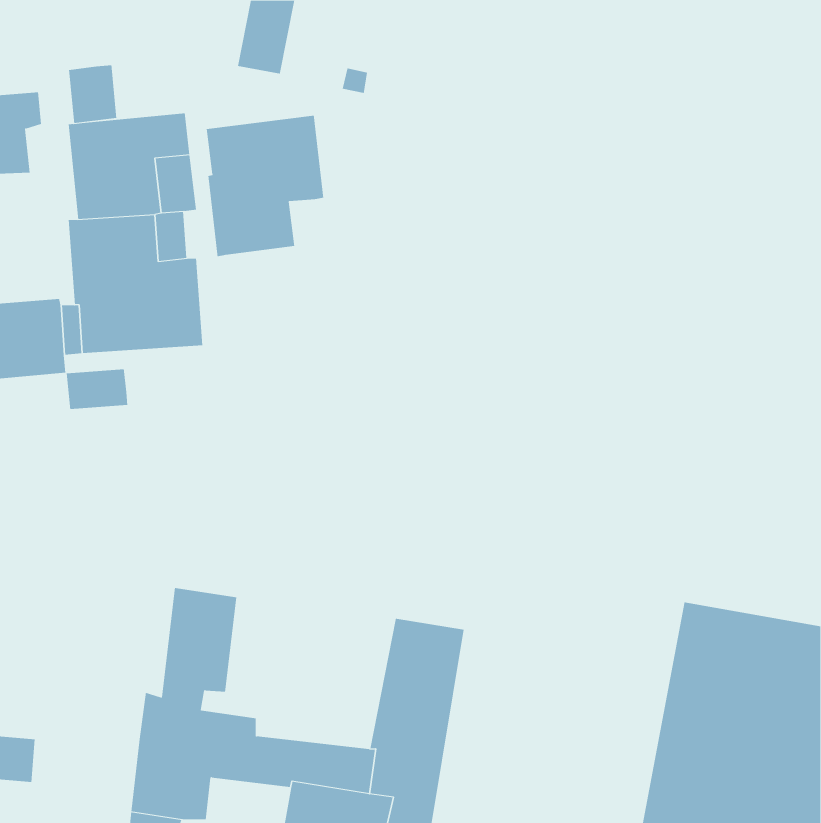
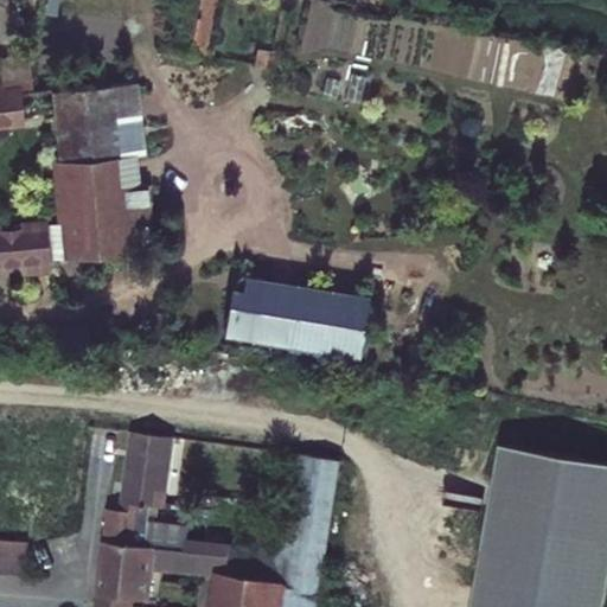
building: [69,64,117,124] -> none
building: [206,115,324,257] -> none
building: [66,368,128,410] -> none
building: none -> [223,277,369,360]

